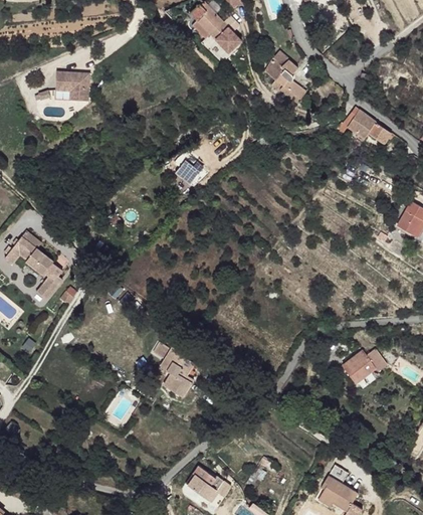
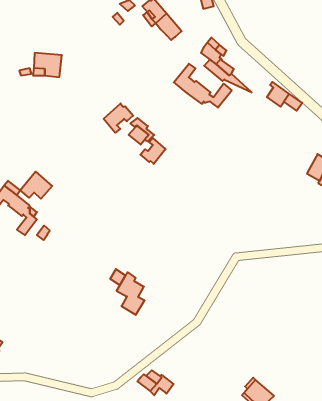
building: none -> [174,64,232,108]
building: none -> [104,103,133,133]
building: none -> [140,138,166,164]
building: none -> [20,172,52,199]
building: [349,348,391,382] -> none

